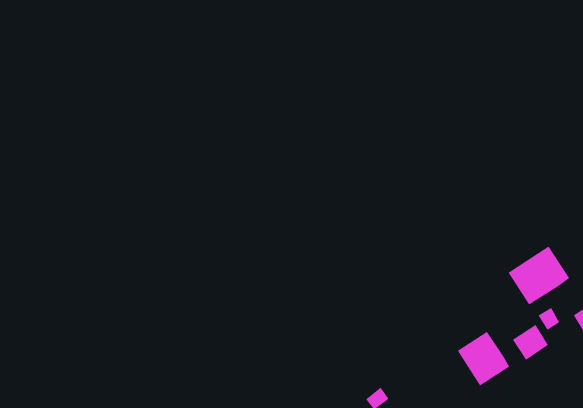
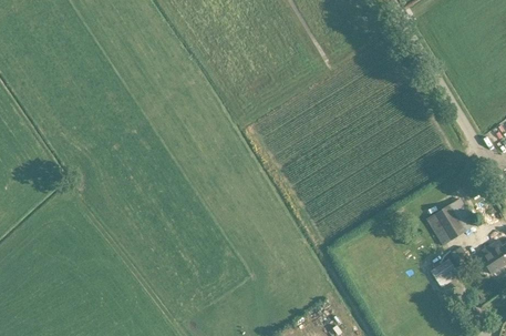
building: [457,331,510,386] -> none

